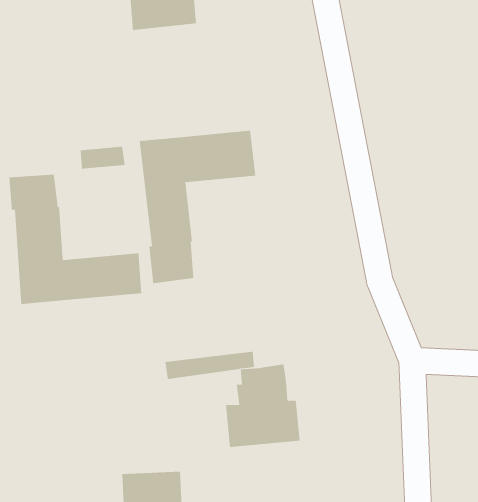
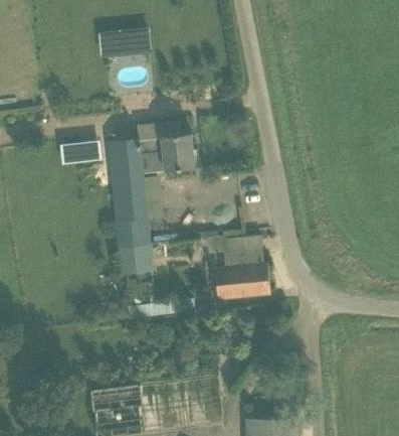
building: [9,174,142,305] -> none
building: none -> [118,244,152,273]
building: [225,364,300,447] -> [214,236,270,298]

